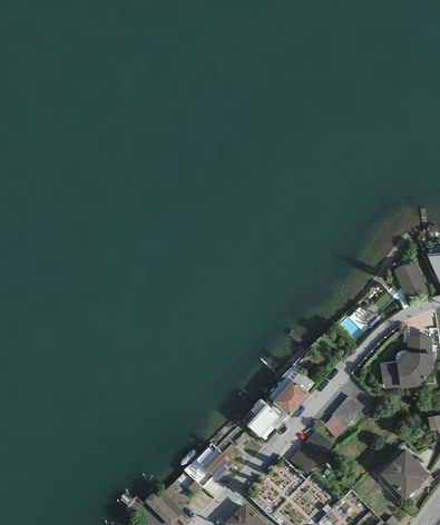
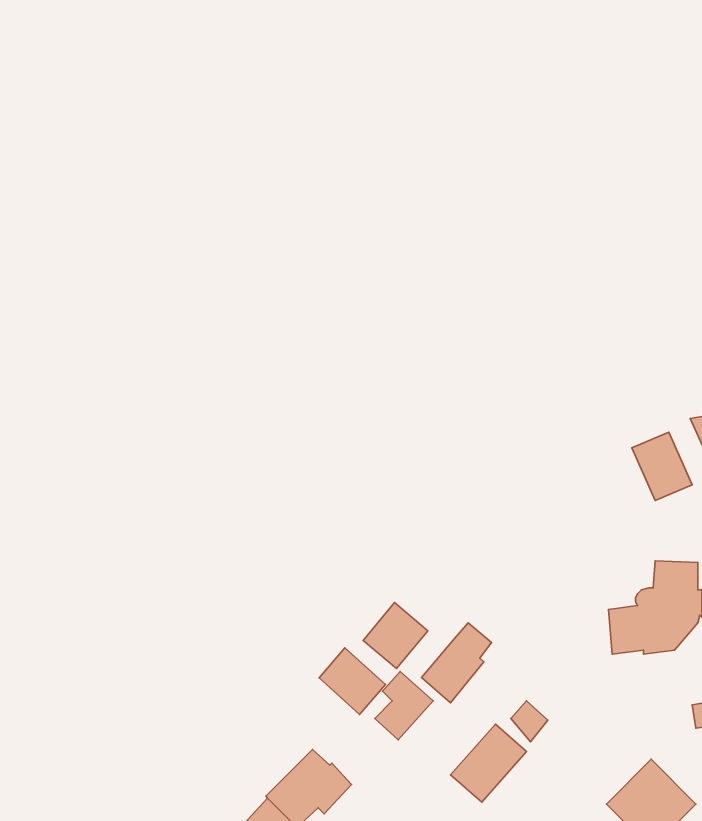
building: none -> [363,603,428,669]
building: none -> [319,648,386,714]
building: [331,394,362,426] -> none

